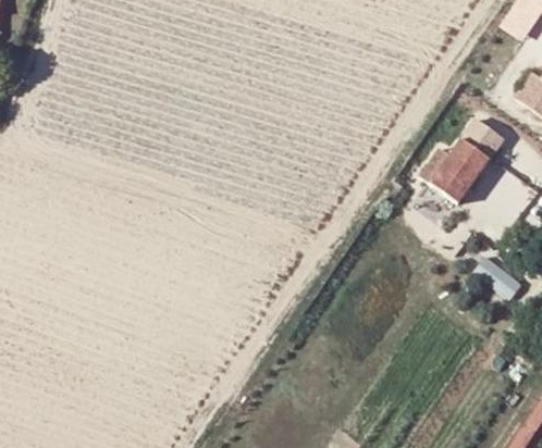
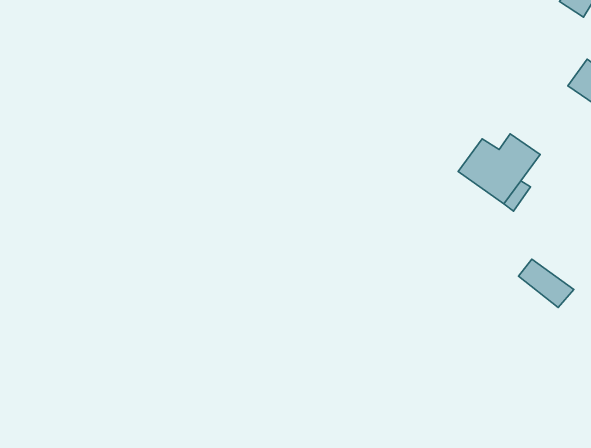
building: [463,117,506,159] -> none

